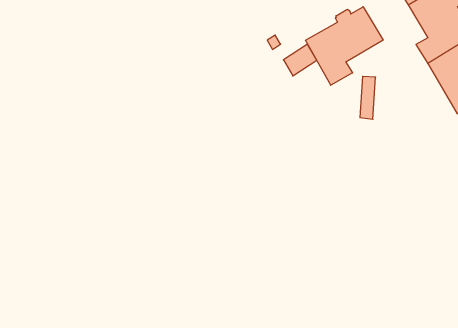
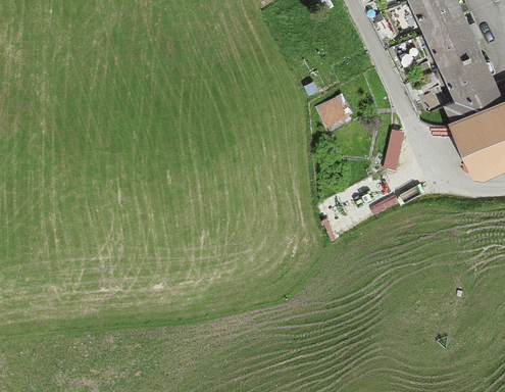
building: [306,7,383,85] -> none

